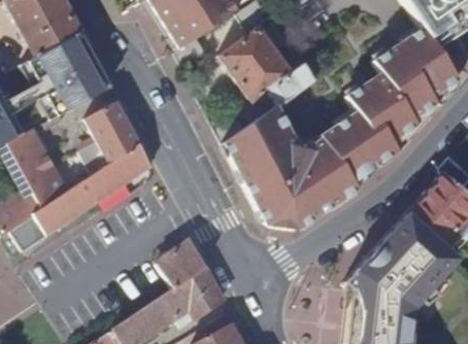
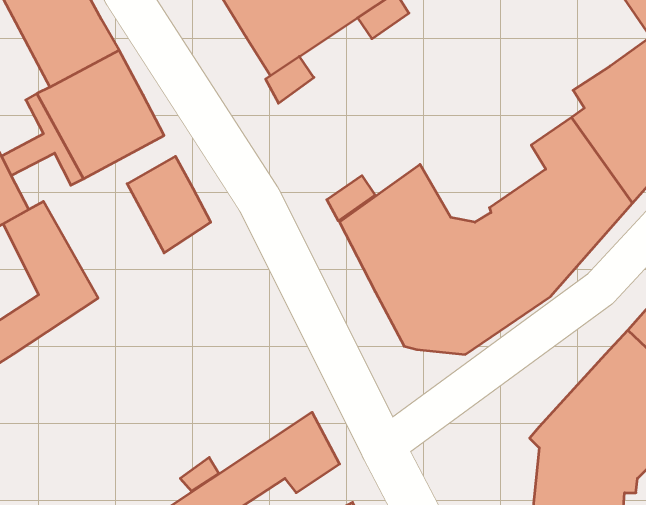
building: [219,26,314,103] -> none
building: [14,143,154,249] -> none
building: [159,239,206,285] -> none

